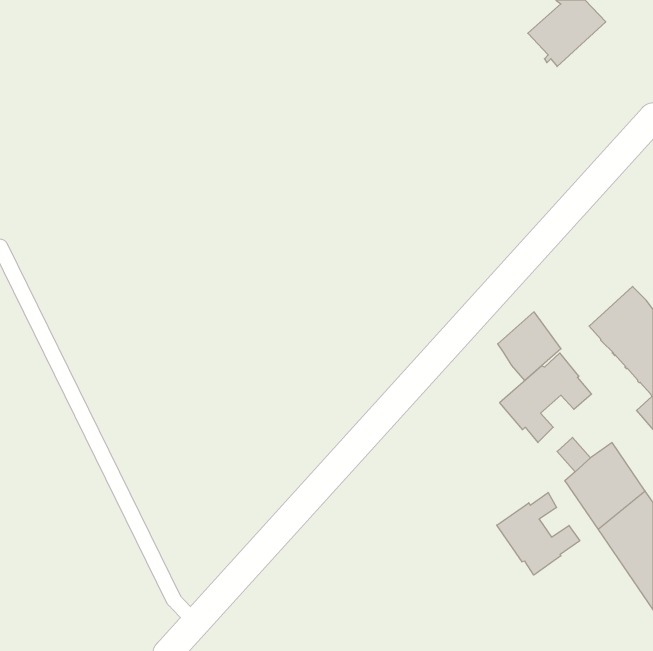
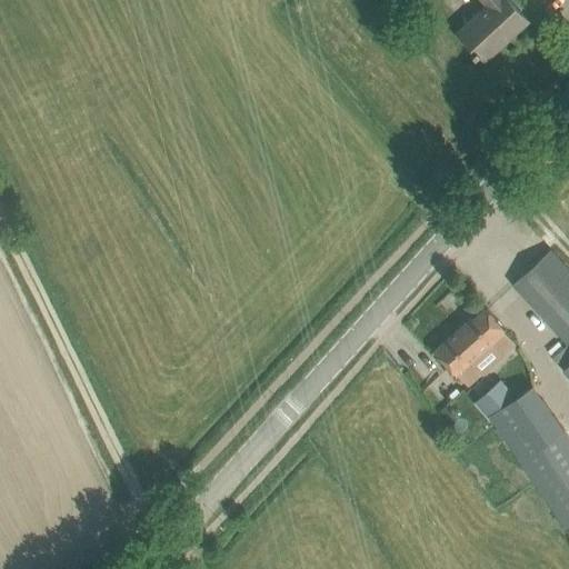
building: [498,312,561,381] -> none
building: [497,492,580,575] -> none

